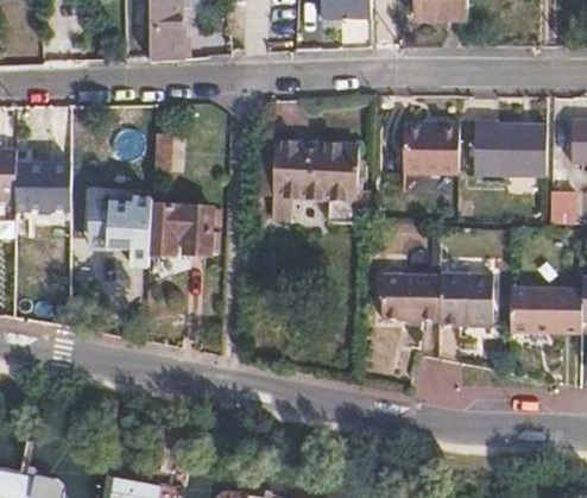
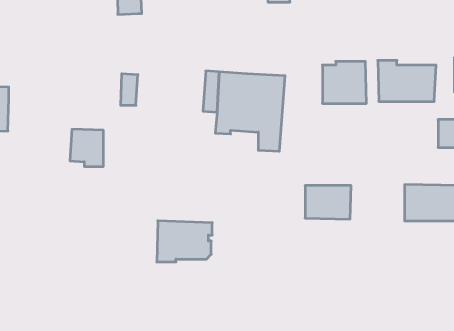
building: [15,166,71,220] -> none
building: [147,207,216,258] -> [157,221,212,262]
building: [441,273,492,321] -> none

